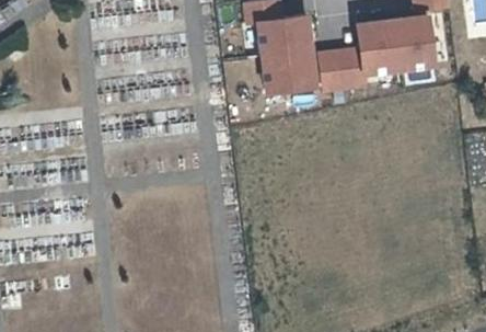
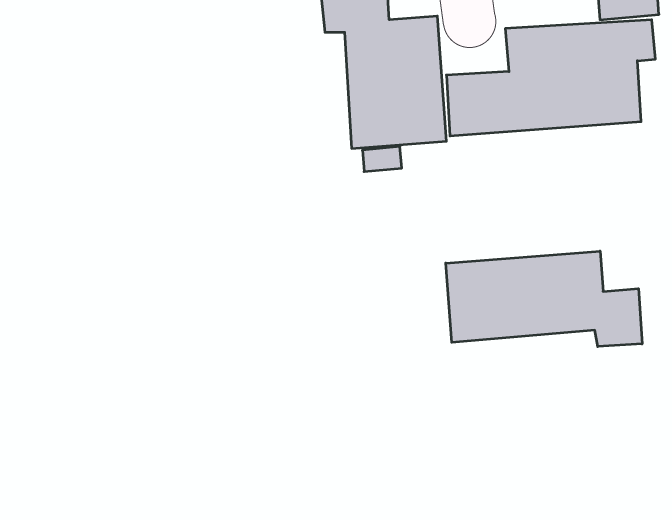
building: none -> [446,251,642,347]

